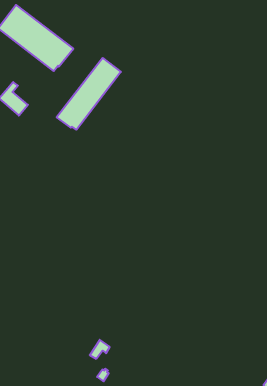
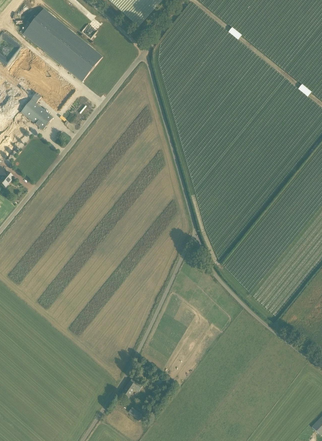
building: [57,58,121,130] -> none

